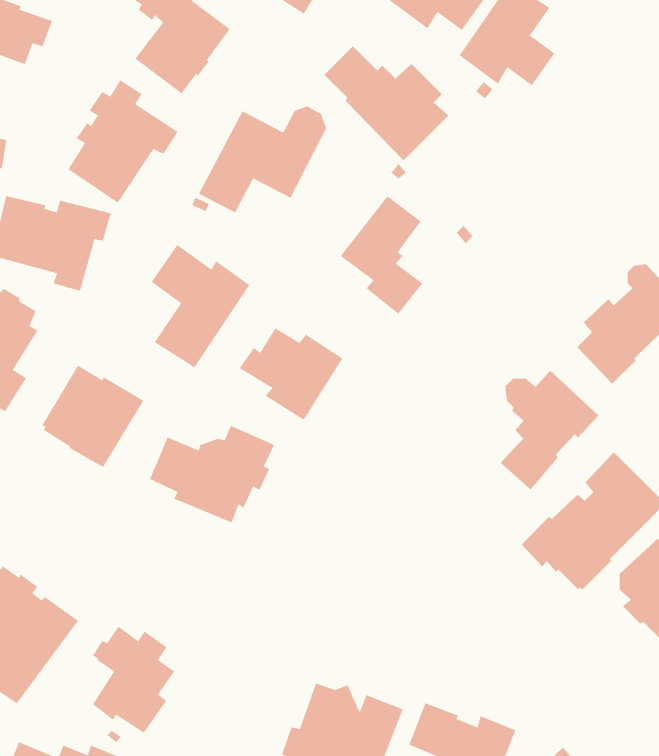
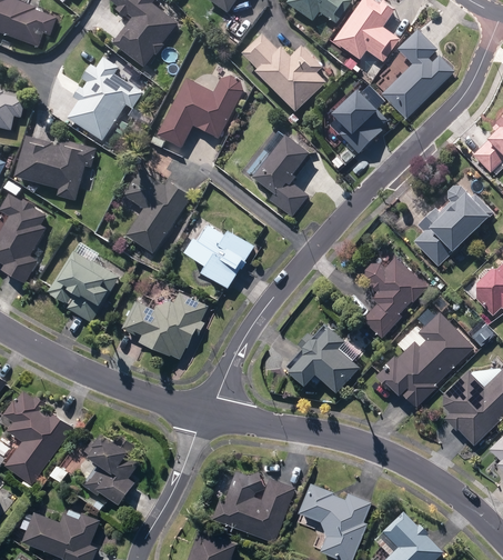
building: none -> [381,30,454,119]
building: none -> [332,91,388,154]
building: none -> [288,324,360,392]

